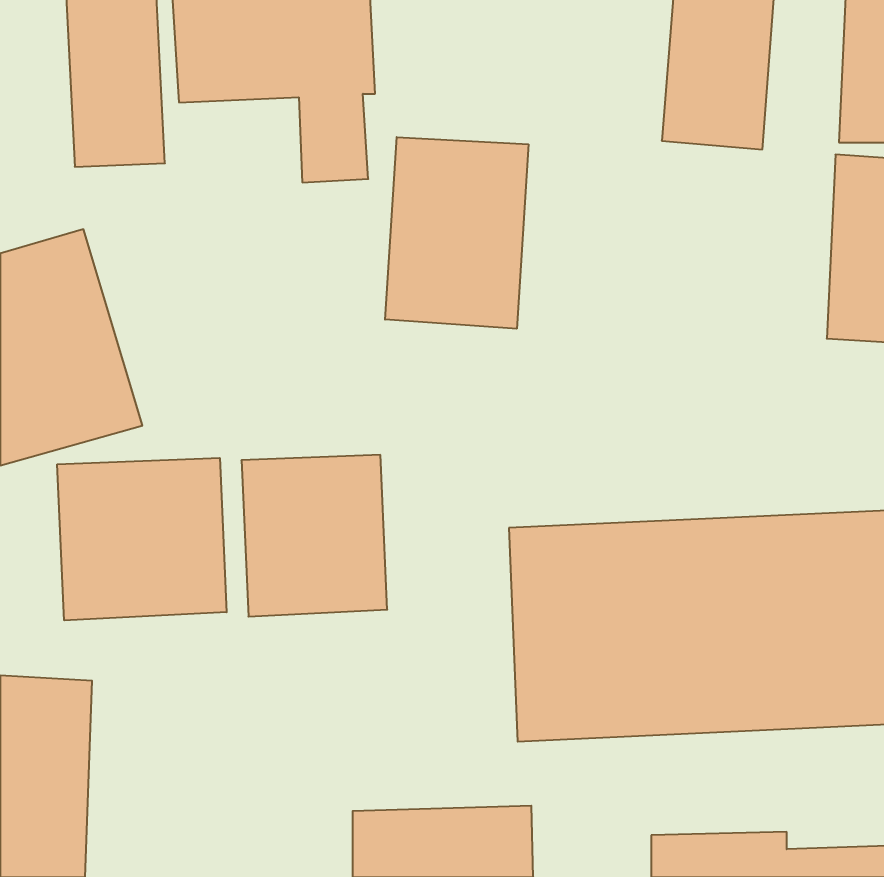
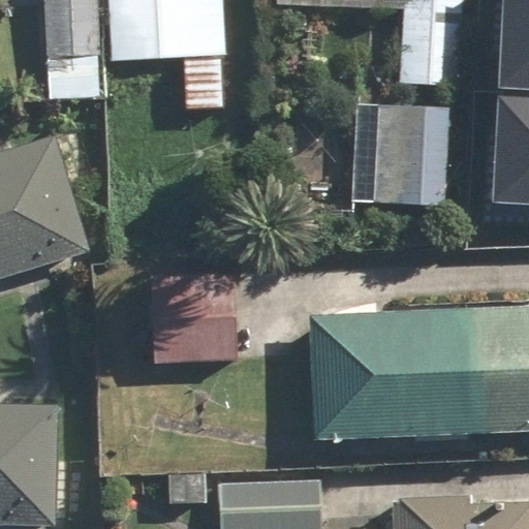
building: [385,137,528,329] -> none
building: none -> [369,104,450,207]
building: [57,458,227,620] -> none

